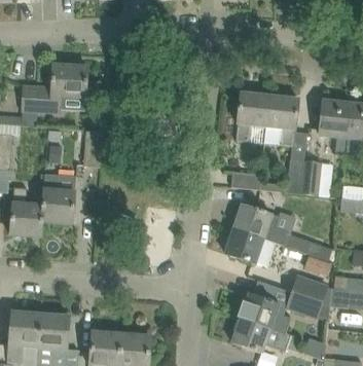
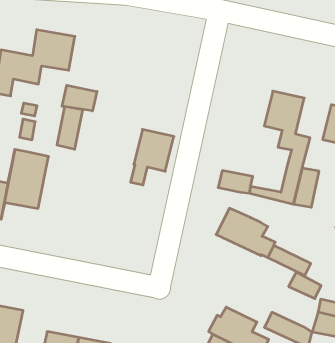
building: [235,91,269,141] -> [131,129,174,185]
building: none -> [62,85,97,111]
building: [225,228,276,265] -> none
building: [291,276,328,302] -> none

